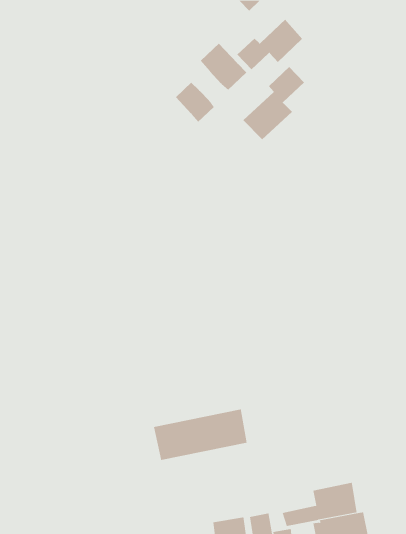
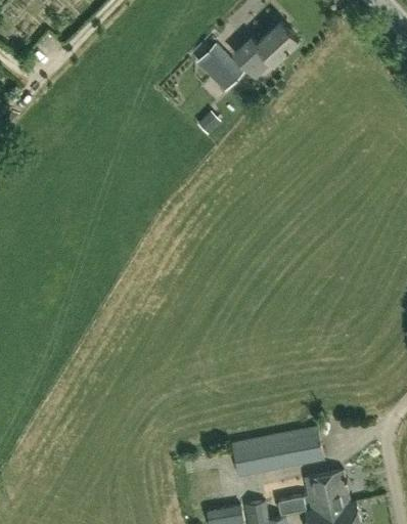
building: [243,66,305,140] -> none
building: [175,82,215,122] -> none
building: [153,409,248,461] -> [231,427,323,477]

